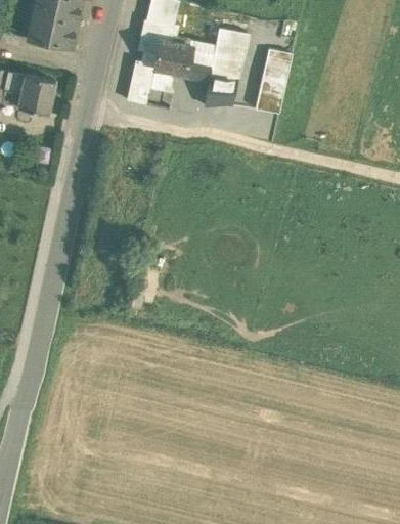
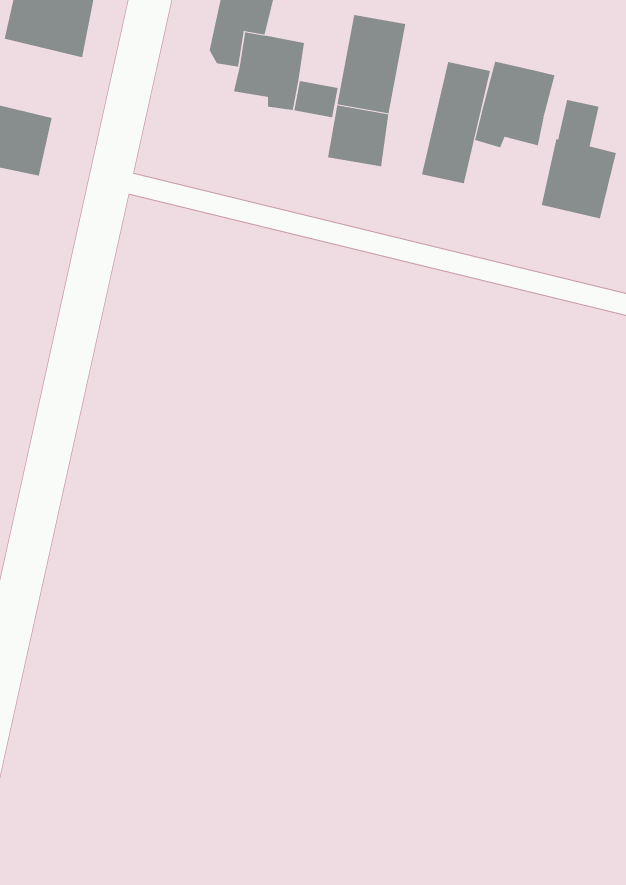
building: none -> [475,61,555,148]
building: [127,50,155,101] -> none
building: none -> [541,99,617,219]

